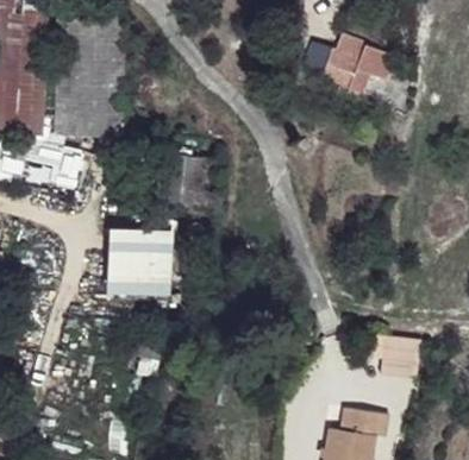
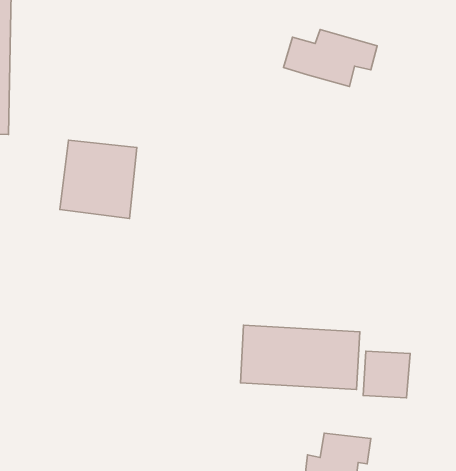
building: [104,223,176,297] -> [60,140,137,219]
building: none -> [240,325,360,389]

